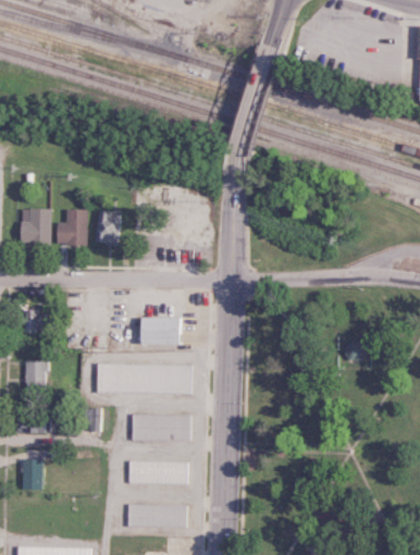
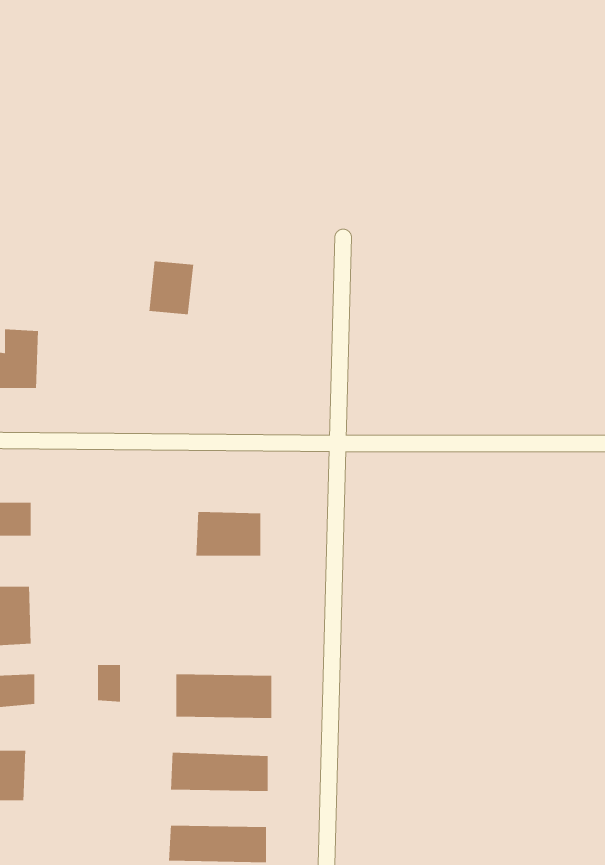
building: [57,209,86,245] -> none
building: [92,211,120,244] -> [149,260,194,315]
building: [97,362,190,393] -> none

